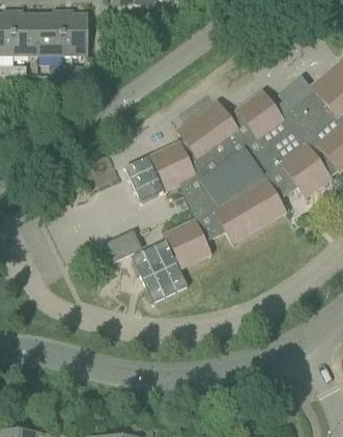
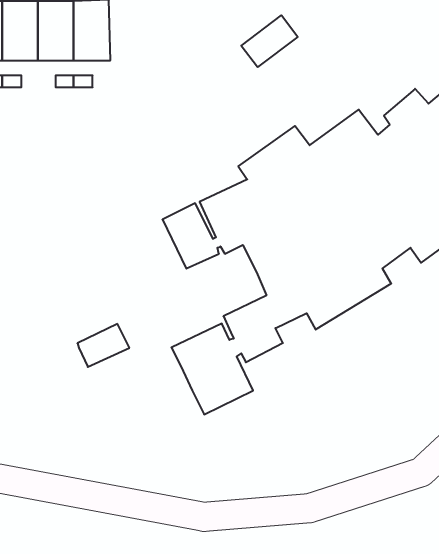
building: none -> [241,15,298,67]
building: [106,229,142,260] -> [77,324,129,367]

